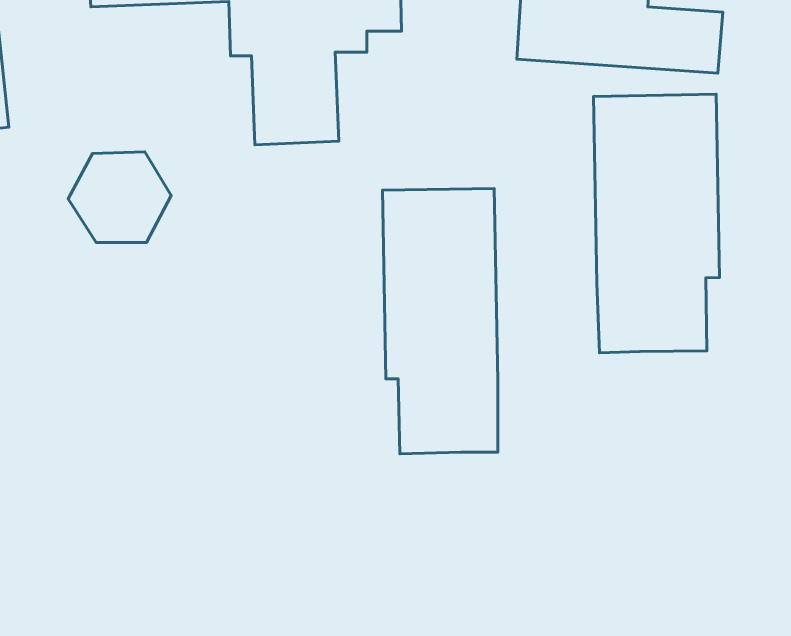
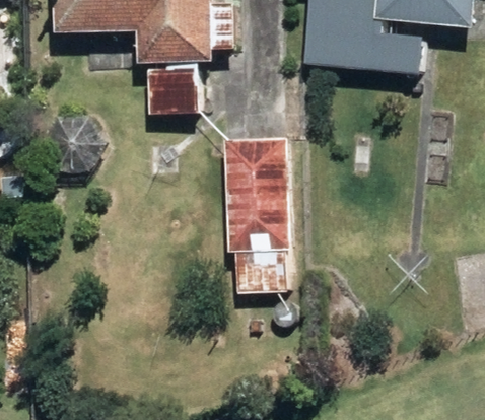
building: [594,94,719,353] -> none

